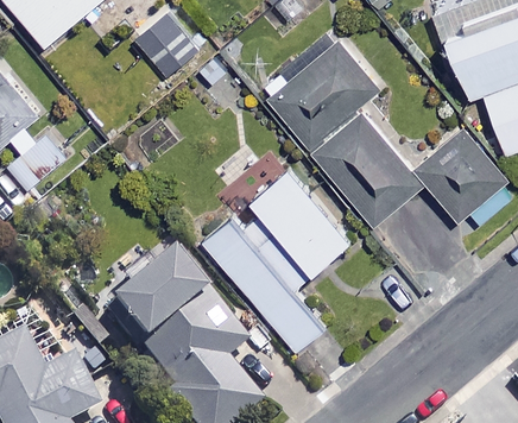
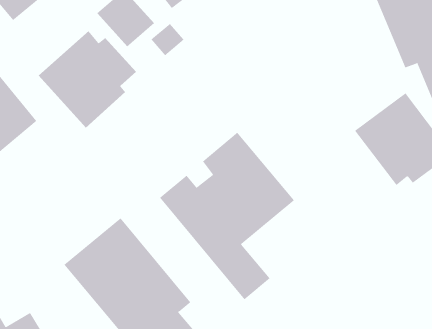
building: [261,40,421,225] -> none
building: none -> [38,31,137,128]

